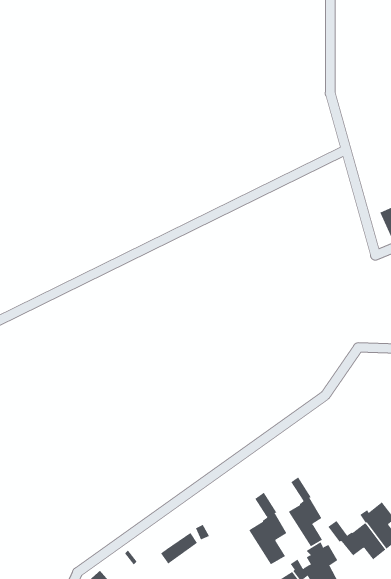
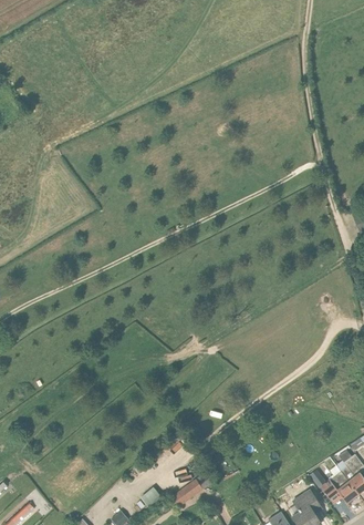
building: [289,477,323,547] -> none
building: [249,492,287,565] -> none

